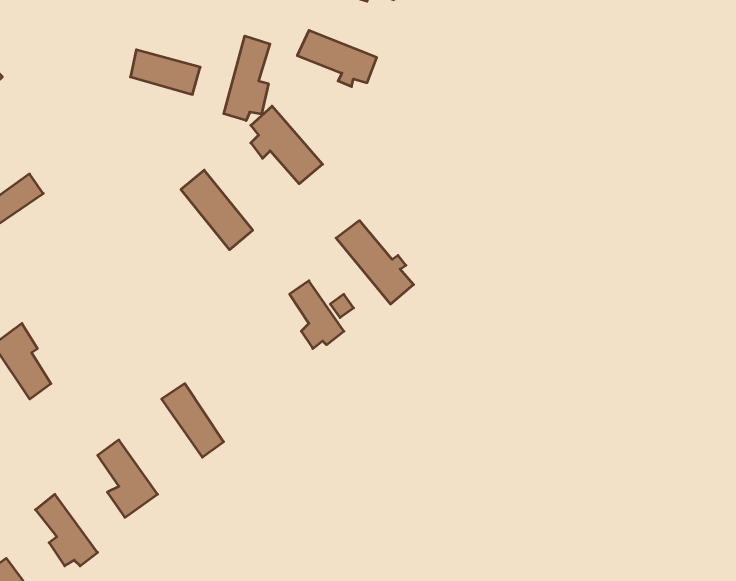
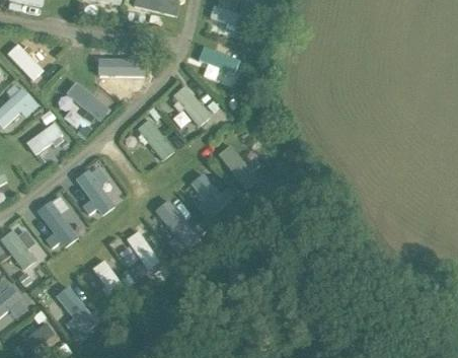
building: [224,36,270,121] -> none
building: none -> [66,81,109,122]
building: none -> [78,171,108,208]
building: none -> [158,199,189,237]

